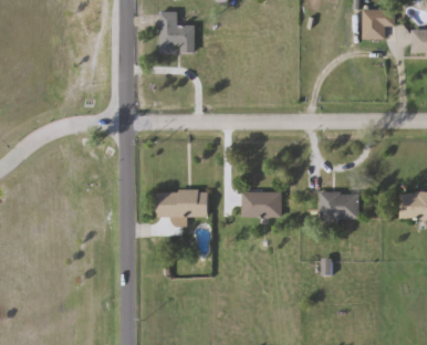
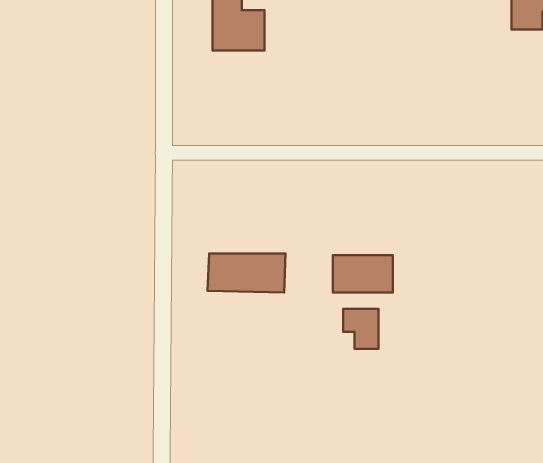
building: [320,192,358,219] -> none
building: none -> [343,309,378,349]

